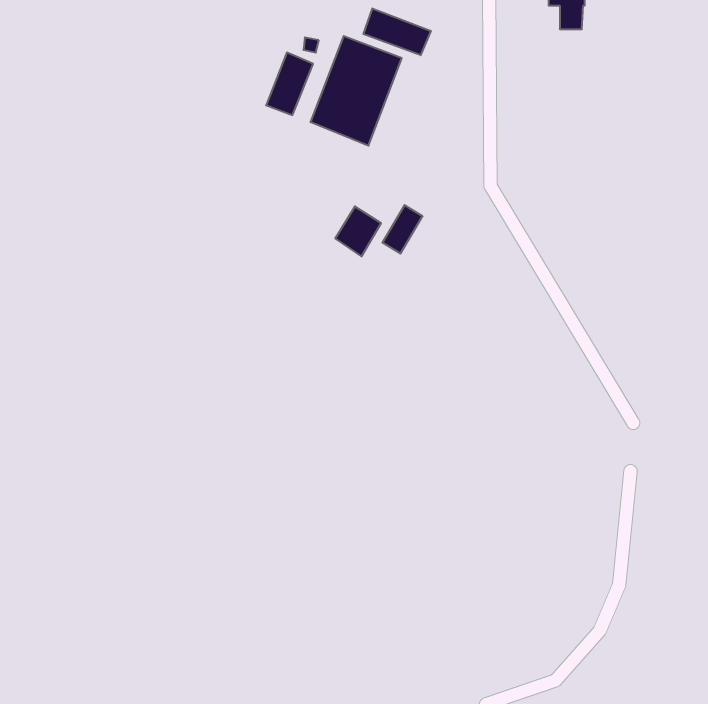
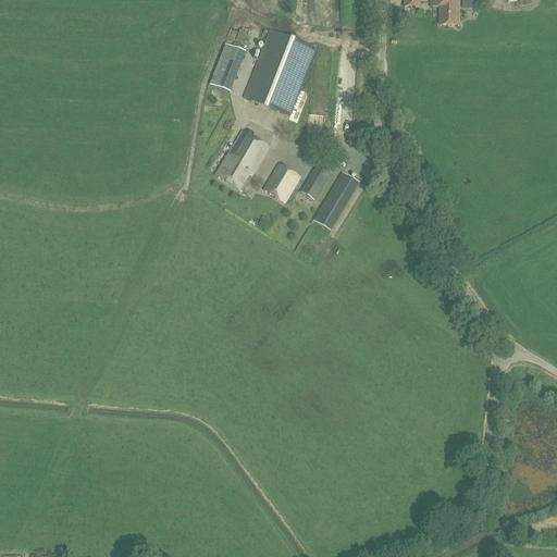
building: [363,8,431,55] -> none
building: none -> [215,128,269,189]
building: none -> [313,170,359,228]

